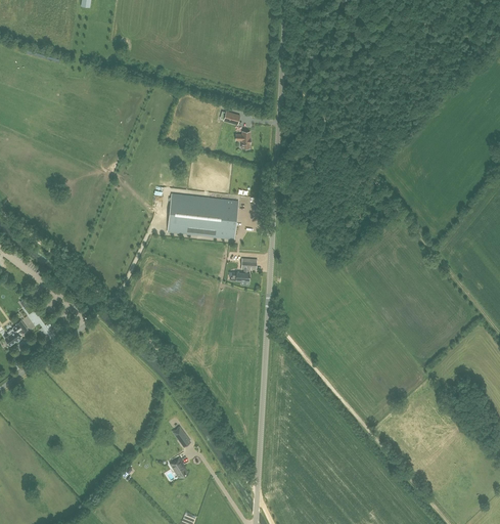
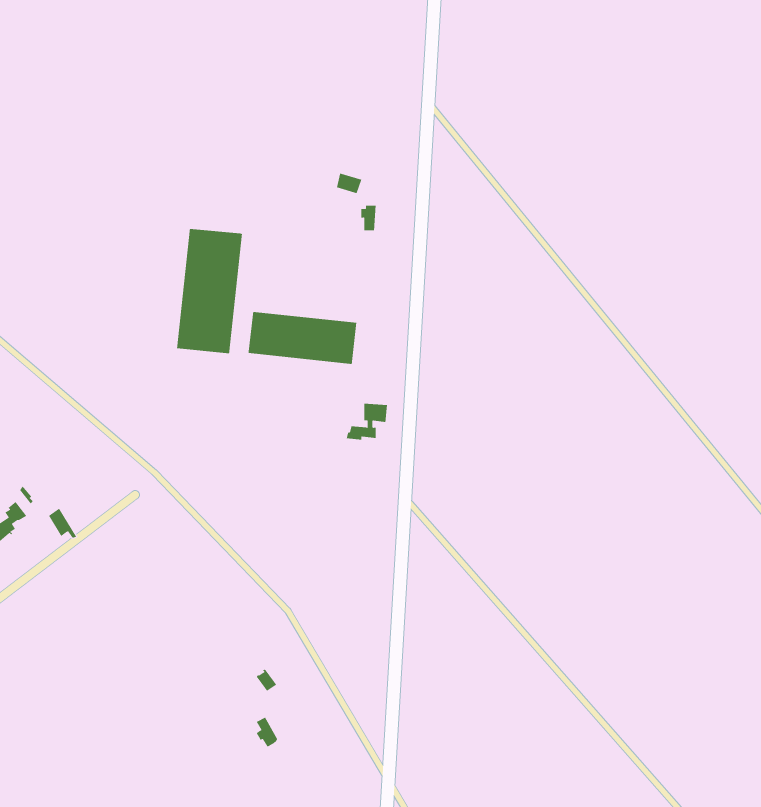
building: none -> [176,228,243,354]

